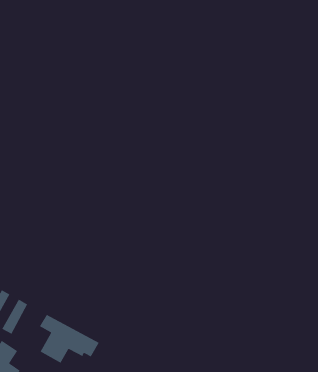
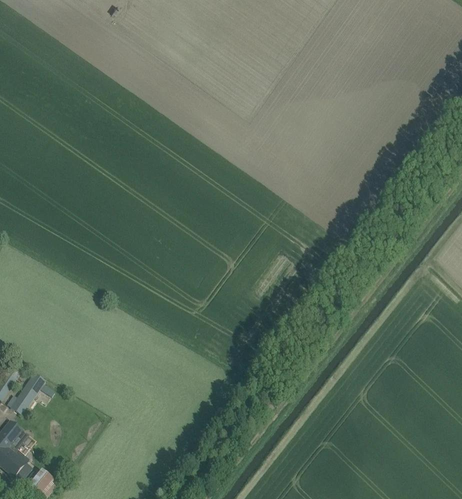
building: [39,314,100,364] -> none

